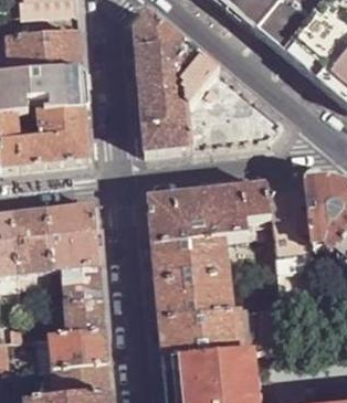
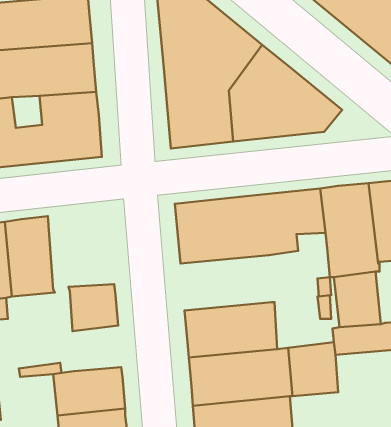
building: [45,198,98,262] -> none
building: [151,234,224,278] -> none
building: [65,290,104,327] -> none

